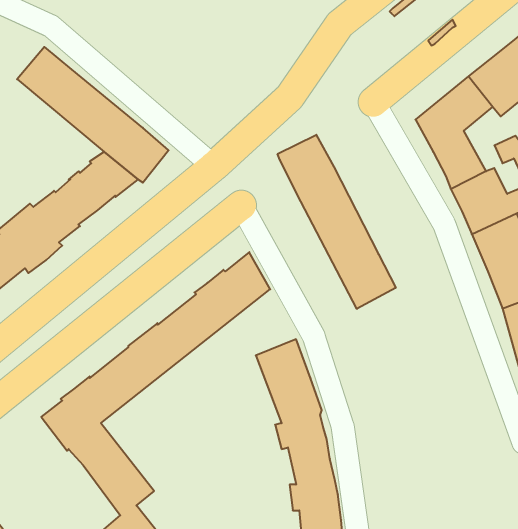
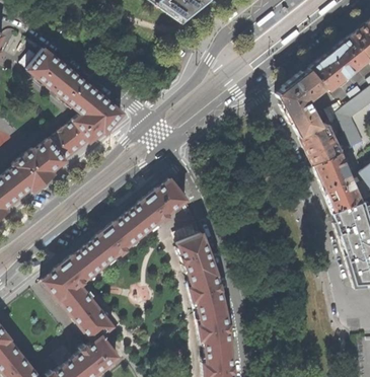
building: [278,135,396,309] -> none

